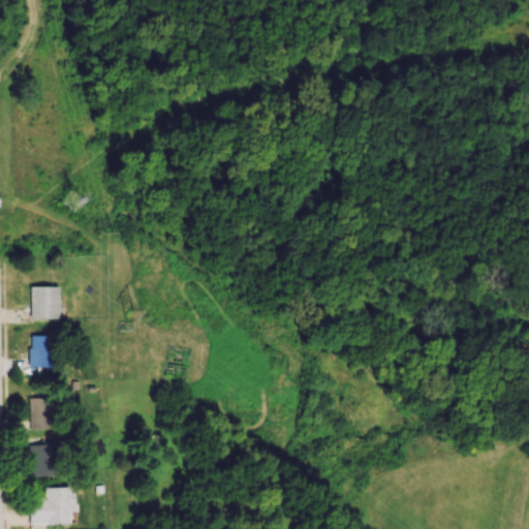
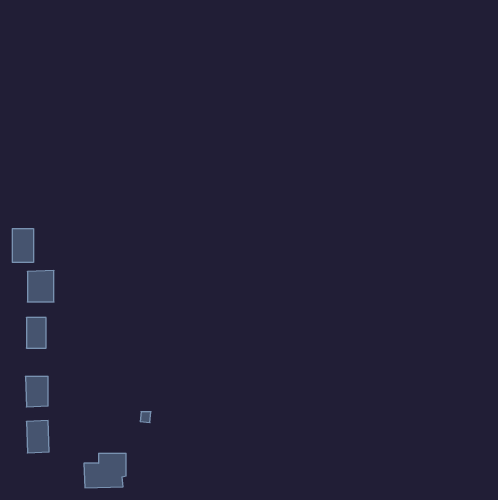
building: none -> [12,229,33,262]
building: [30,488,74,524] -> [84,453,126,488]

